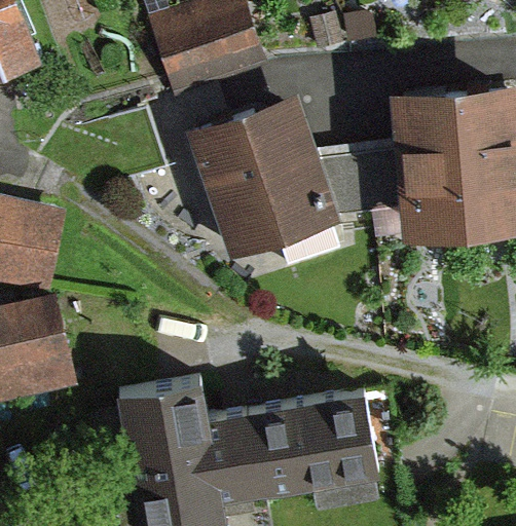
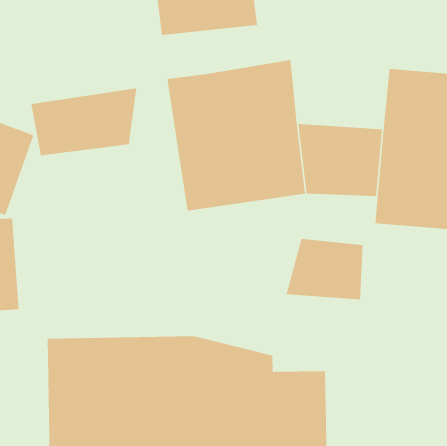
building: none -> [31,87,137,156]
building: none -> [286,238,363,300]

